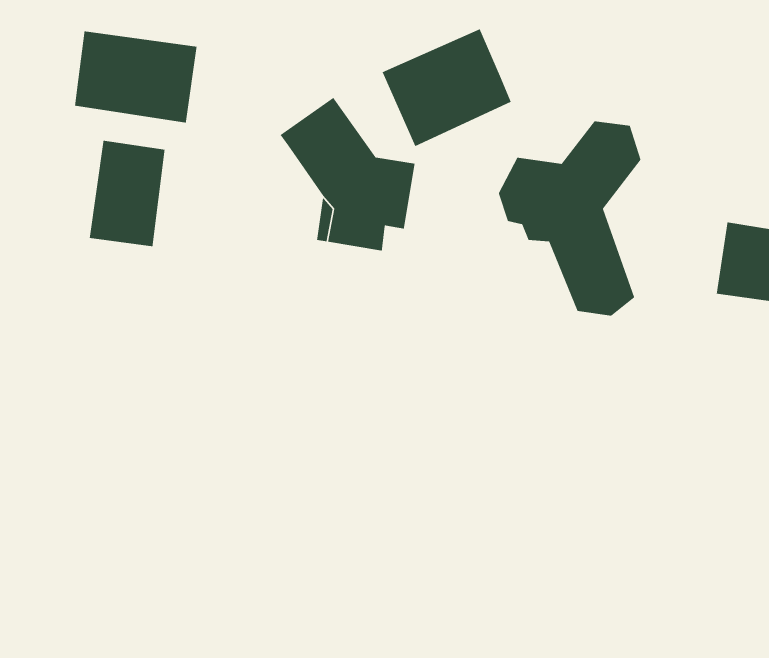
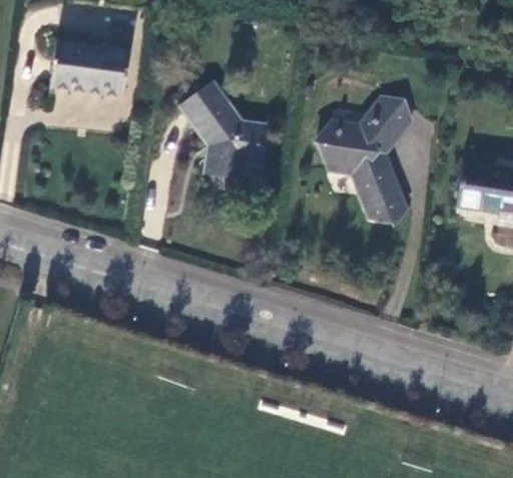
building: [381,28,512,147] -> none
building: [89,140,165,247] -> none

